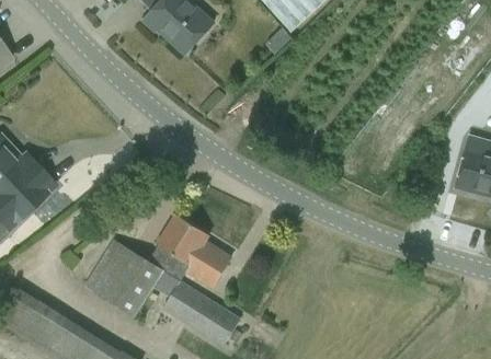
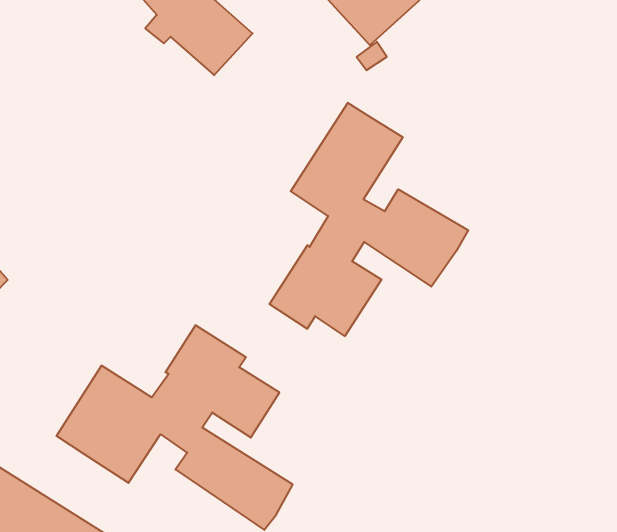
building: none -> [270,103,468,336]

